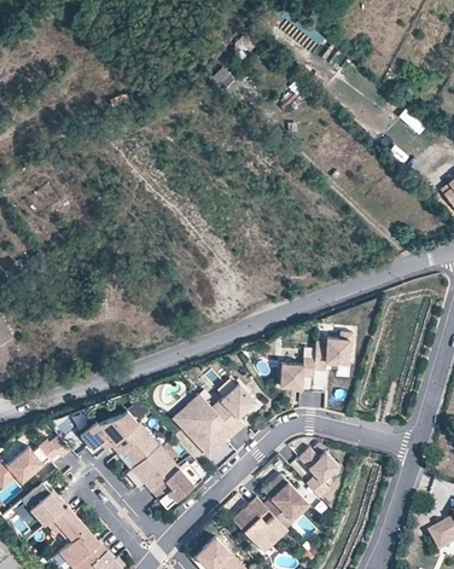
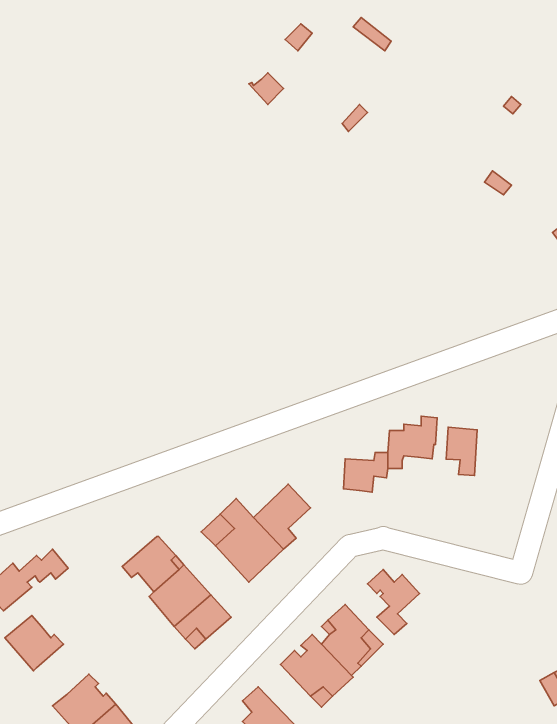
building: none -> [446,427,477,476]
building: [80,411,138,452] -> none
building: [46,505,86,544] -> none

